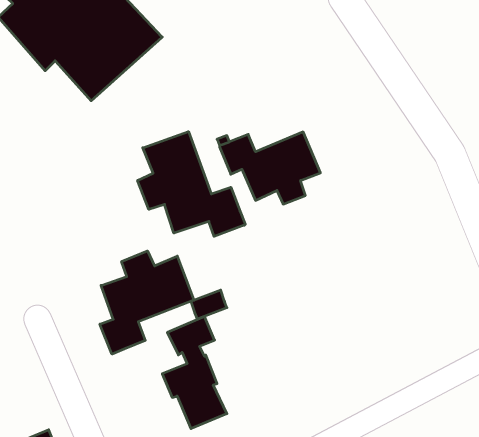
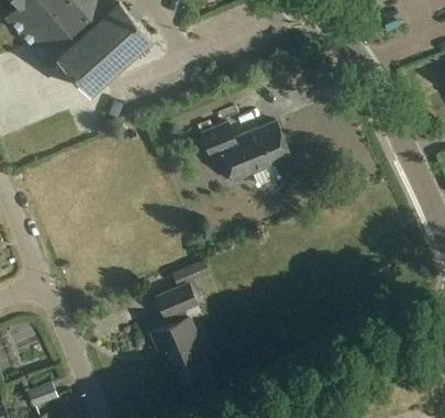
building: [138,132,245,236] -> none
building: [100,251,194,354] -> none

